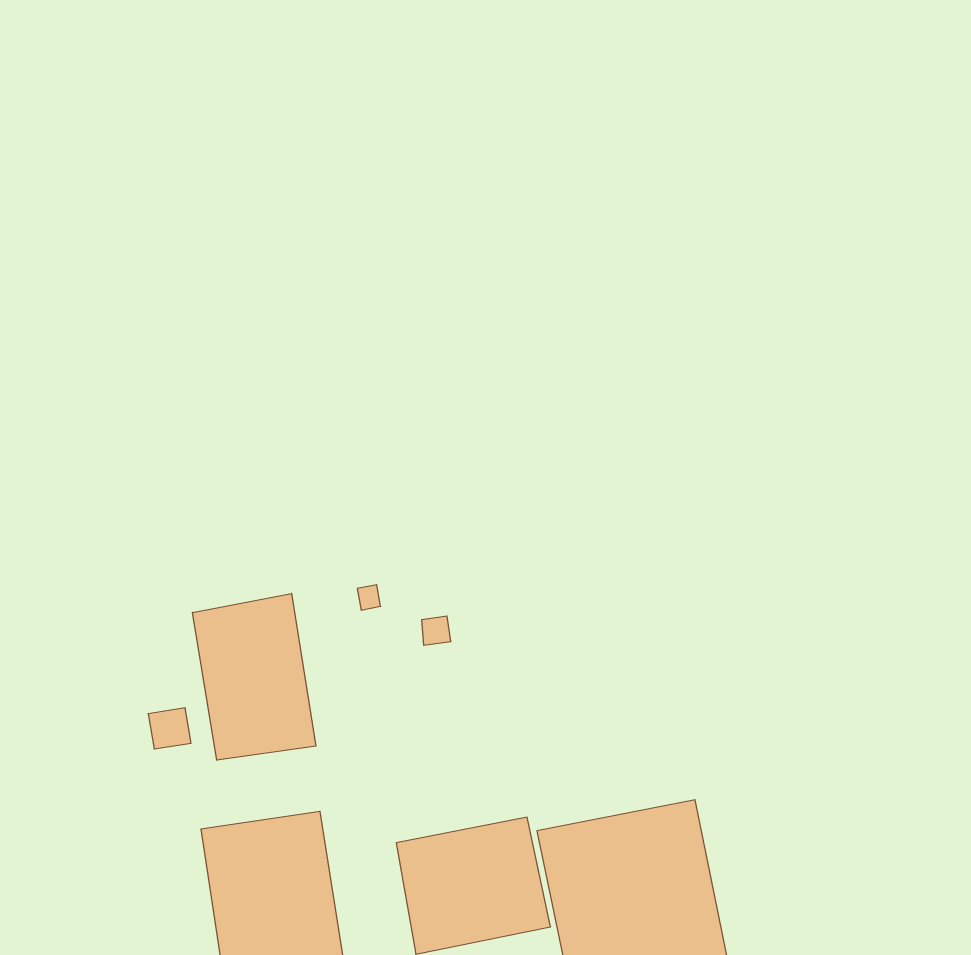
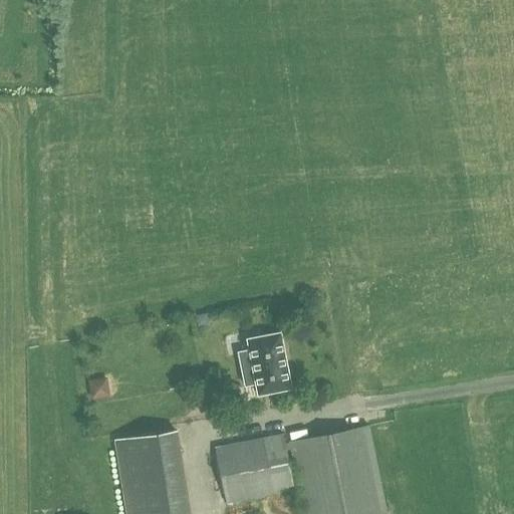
building: [193,593,316,760] -> none
building: none -> [238,333,291,396]

